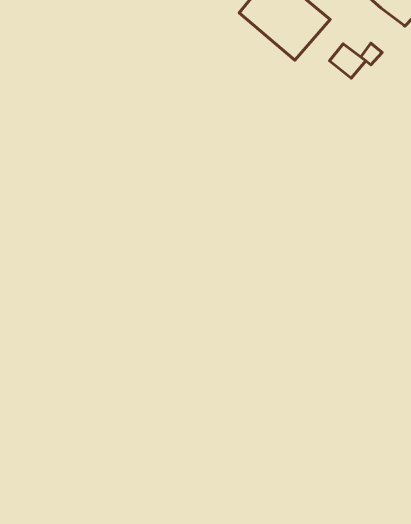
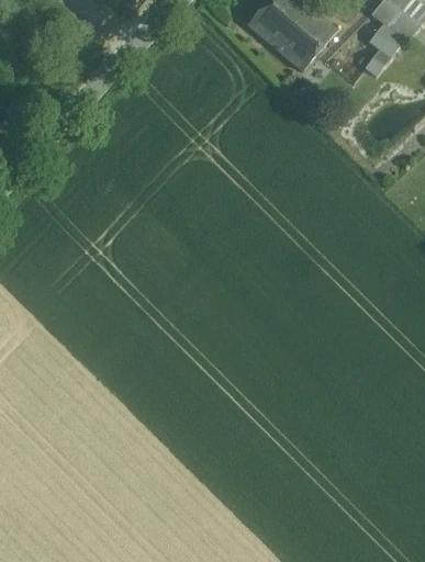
building: [330,44,366,78] -> [371,20,406,53]

